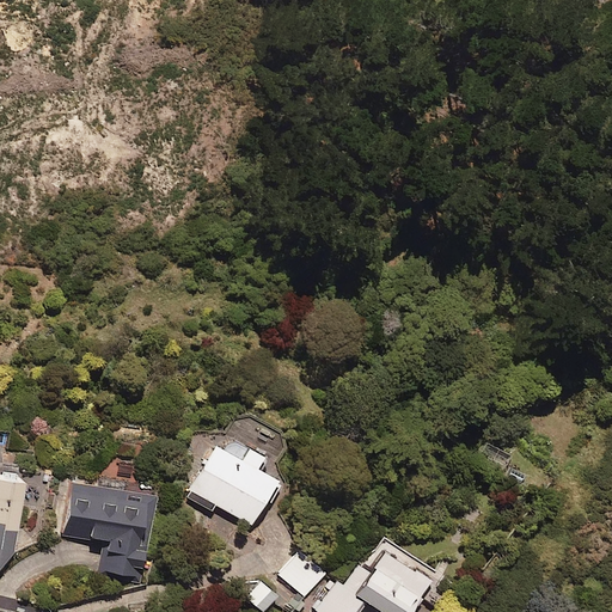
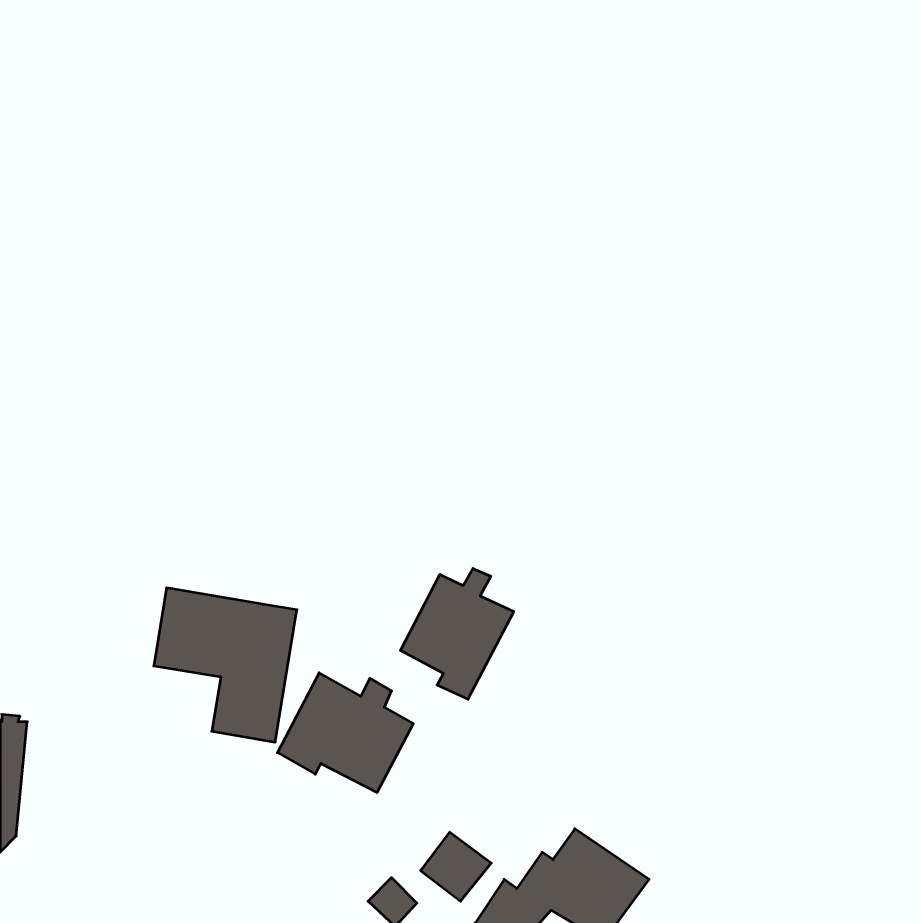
building: none -> [400,568,514,699]
building: [62,482,157,583] -> [154,588,297,742]

